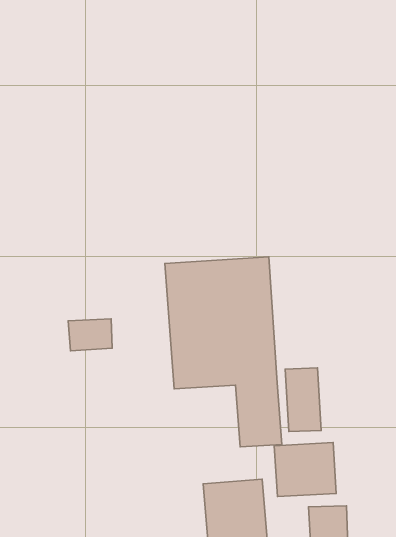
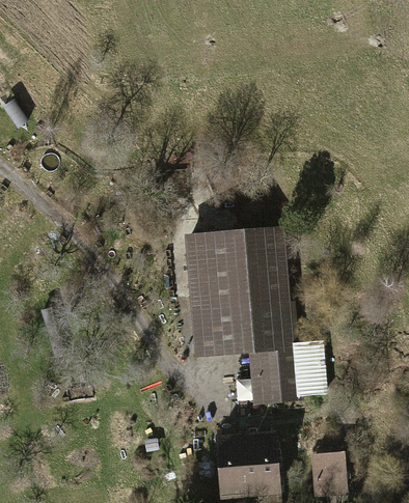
building: [68,319,112,351] -> none
building: [274,442,336,497] -> none

